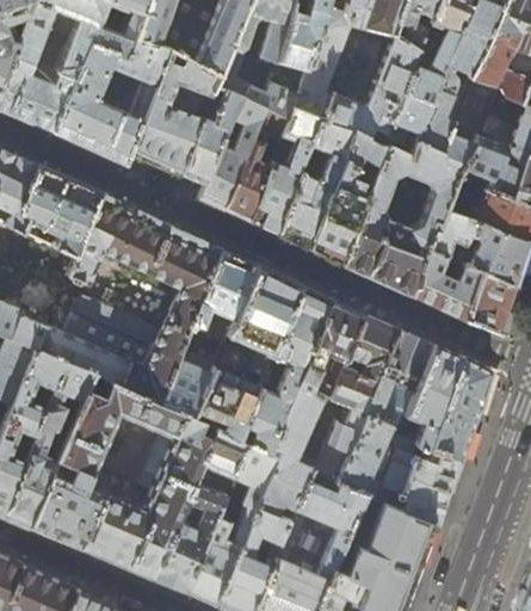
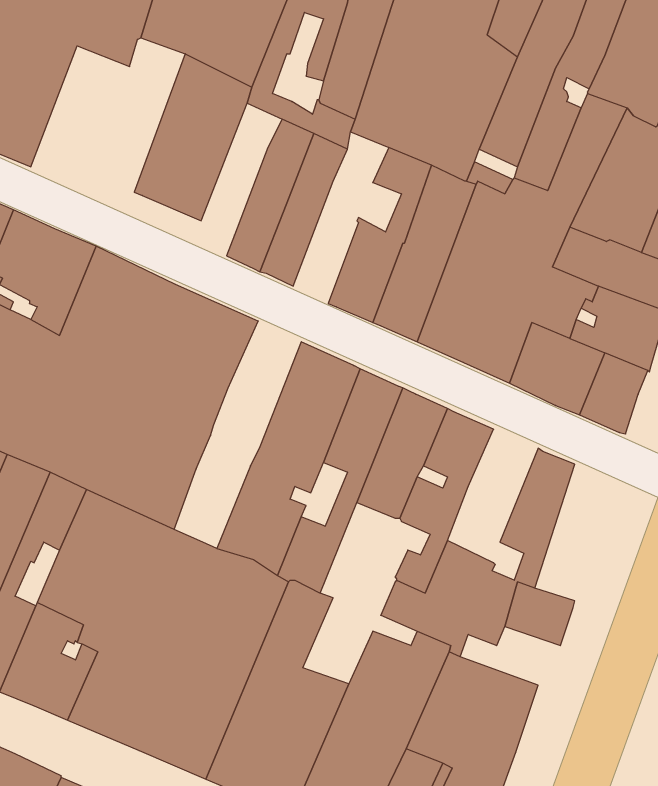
building: [53,37,168,167] -> none
building: [180,86,241,185] -> none
building: [249,107,321,236] -> none
building: [187,249,255,344] -> none
building: [365,331,433,431] -> none
building: [160,353,217,420] -> none
building: [431,357,490,459] -> none
building: [257,385,326,521] -> none
building: [375,479,450,525] -> none

